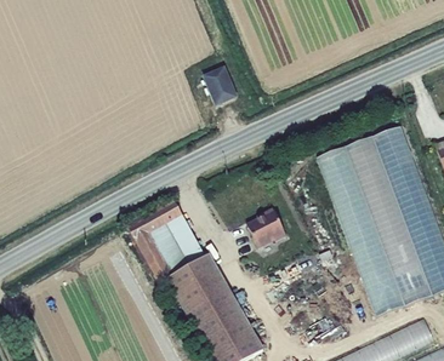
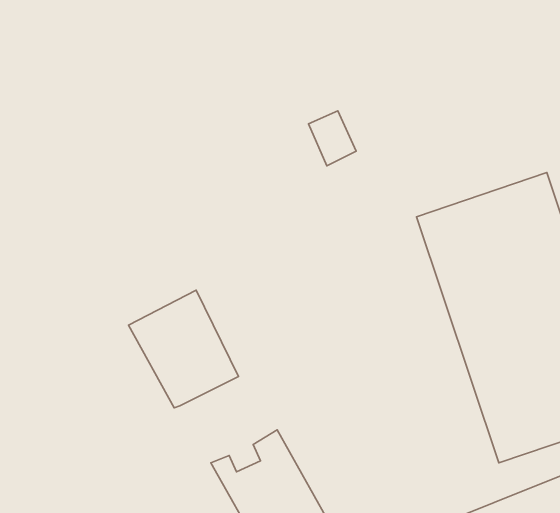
building: [209,69,240,105] -> [308,111,356,166]
building: [246,216,285,253] -> none
building: [164,256,228,321] -> none

